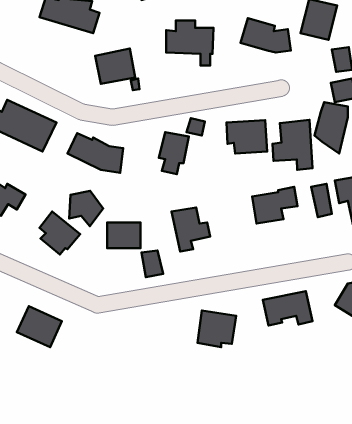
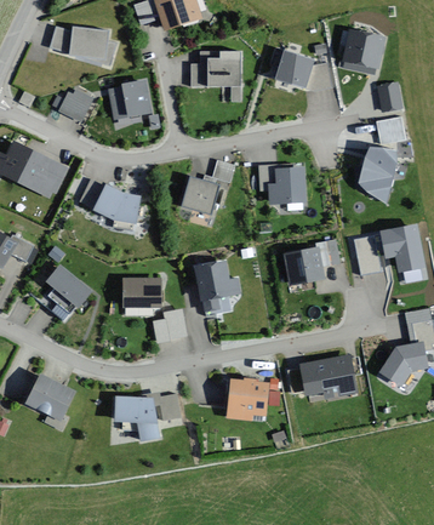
building: none -> [61,91,95,124]
building: [273,120,313,170] -> none
building: [69,191,103,226] -> none
building: none -> [115,395,178,441]

